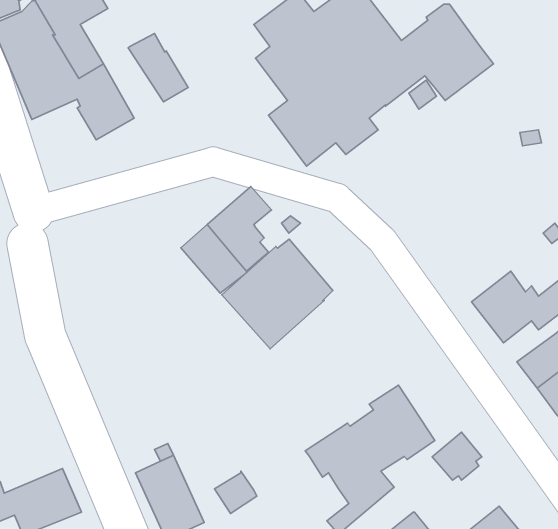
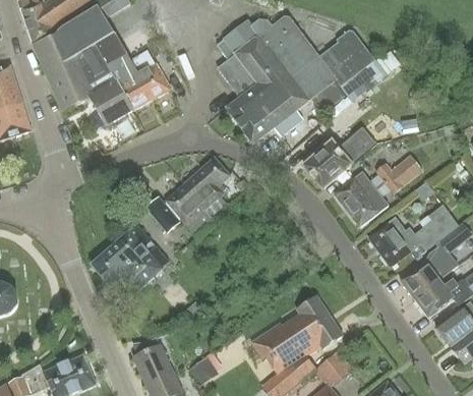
building: none -> [96,33,154,109]
building: none -> [304,132,370,187]
building: none -> [334,153,422,225]
building: [222,239,333,349] -> [92,225,169,301]
building: none -> [145,194,180,230]
building: [432,432,482,480] -> [315,349,350,383]

